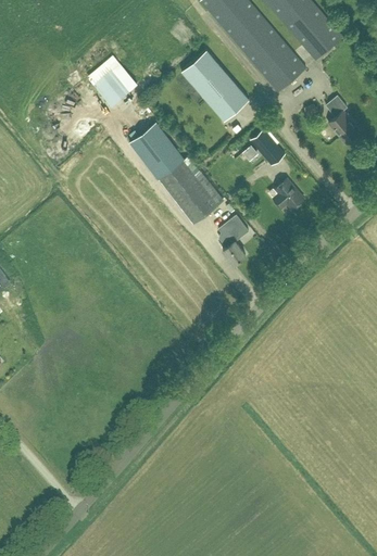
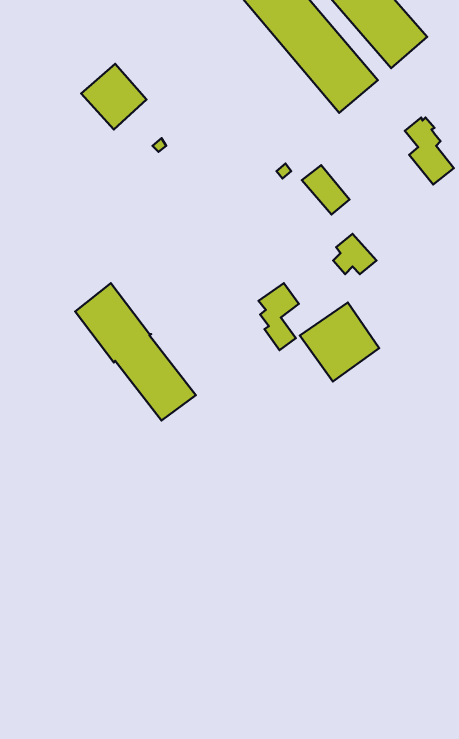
building: [180,50,249,122] -> none
building: [128,121,216,220] -> [75,283,196,421]
building: none -> [300,303,379,381]

